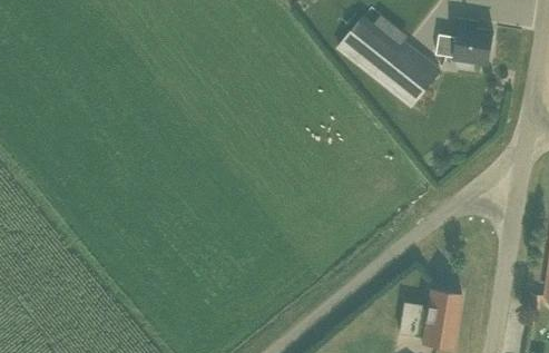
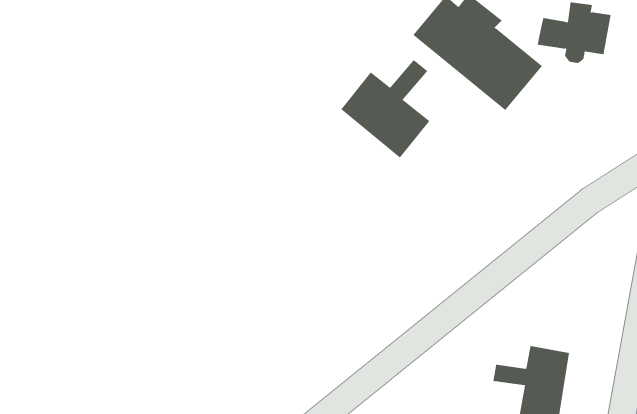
building: none -> [341,59,430,159]

